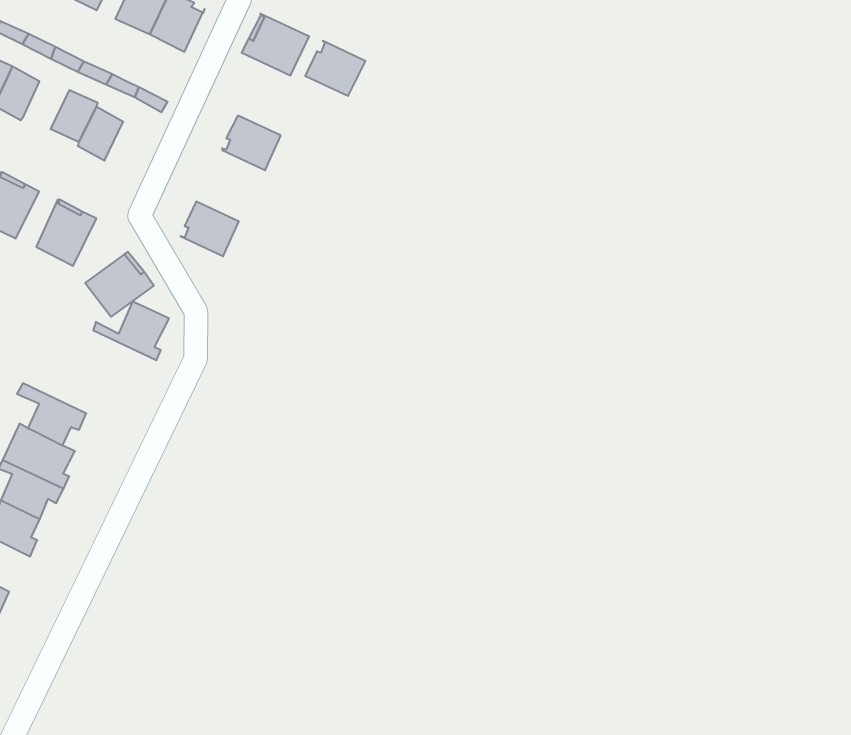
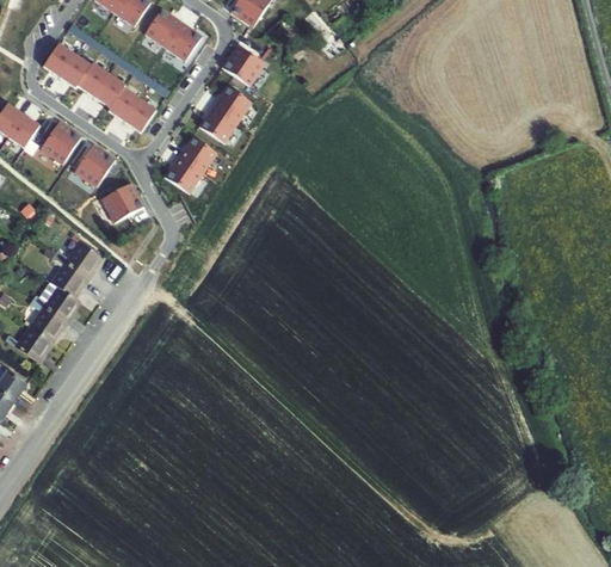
building: [305,41,366,96] -> [212,86,252,123]
building: none -> [78,63,109,97]
building: none -> [124,99,156,132]
building: none -> [178,136,217,173]
building: [93,301,169,360] -> [51,240,100,279]

